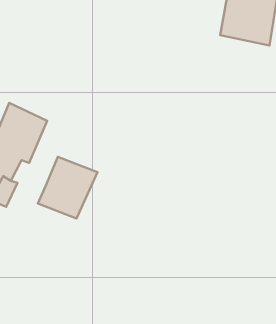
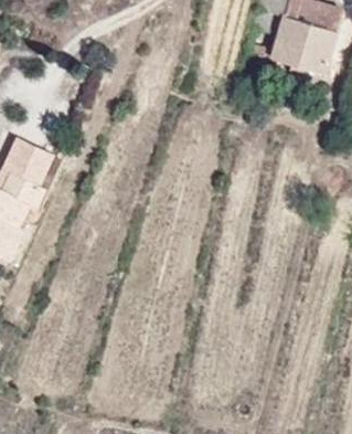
building: [38,157,98,219] -> none

